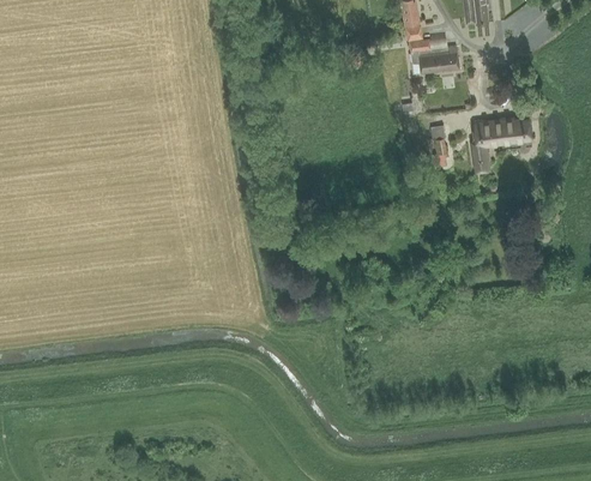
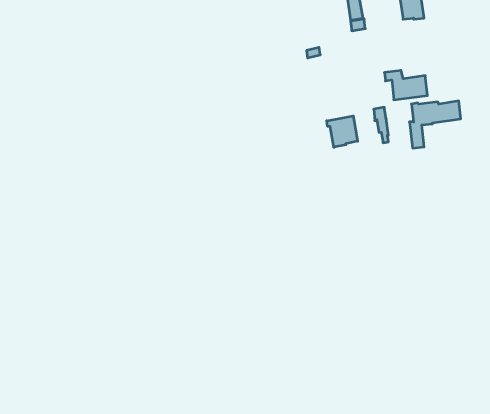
building: [410,40,459,73] -> [384,70,427,100]
building: none -> [327,116,358,147]

